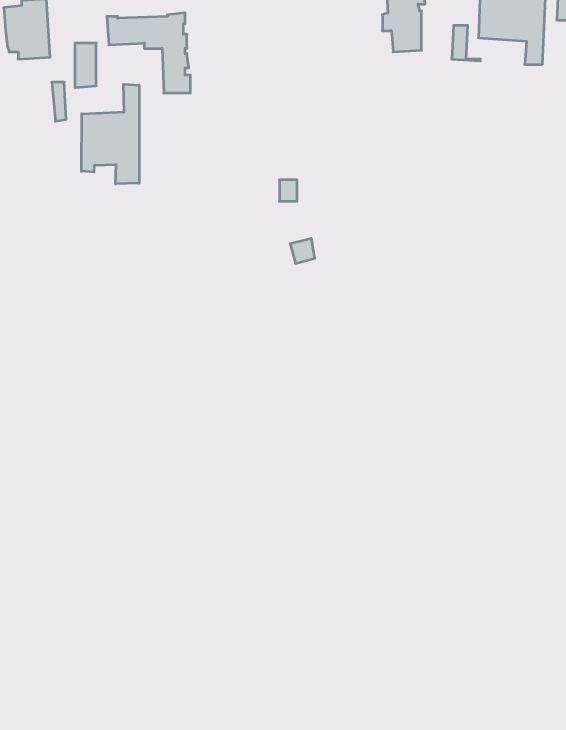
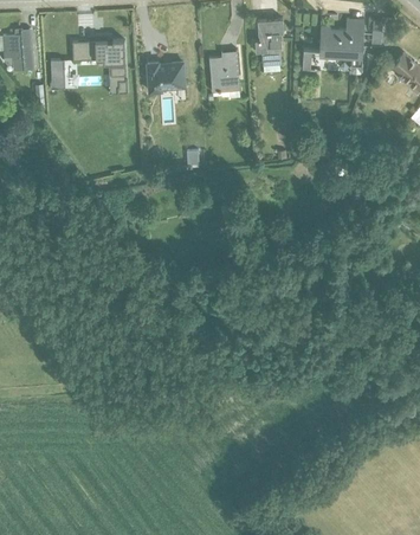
building: none -> [209,50,240,91]
building: none -> [148,62,185,92]
building: [81,84,139,184] -> none

